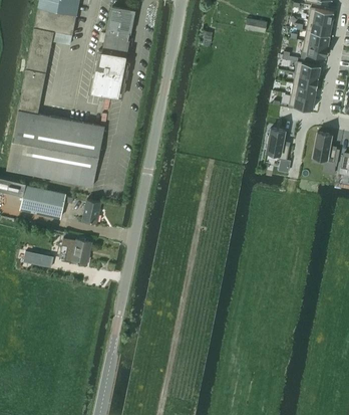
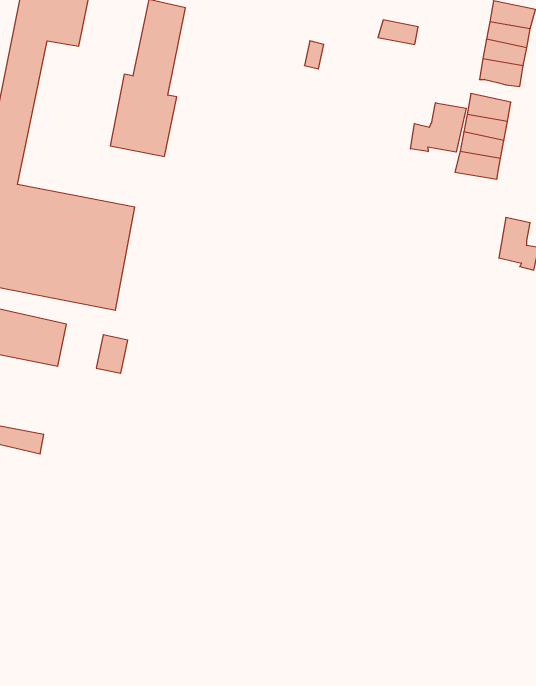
building: none -> [411,103,466,152]
building: [265,129,289,161] -> none
building: [58,236,92,265] -> none

